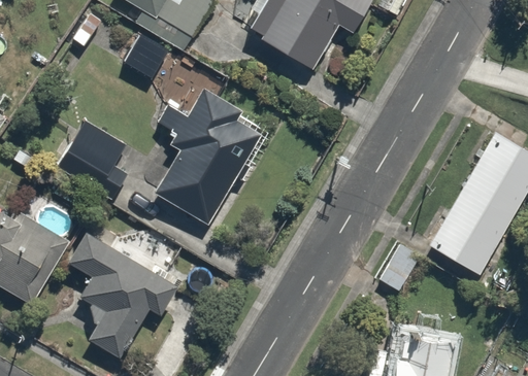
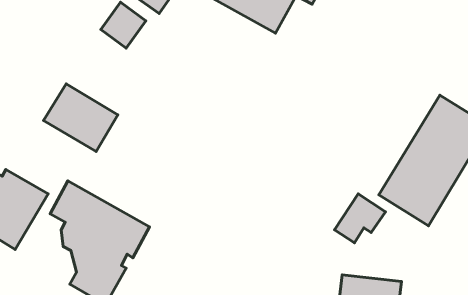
building: [150,92,265,226] -> none

